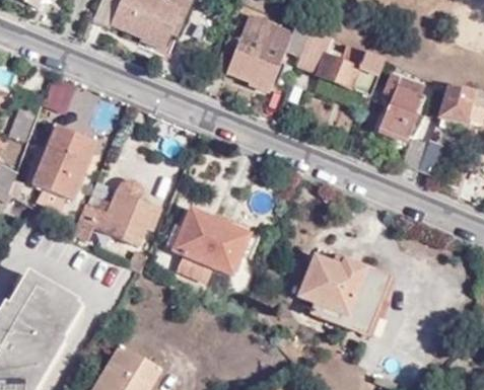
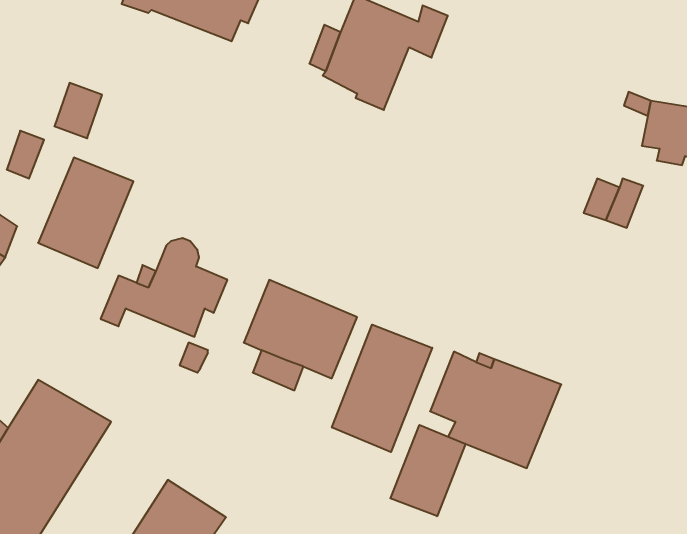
building: [296,28,386,96] -> none
building: [376,74,423,141] -> none
building: none -> [332,325,432,452]
building: none -> [390,425,465,516]

